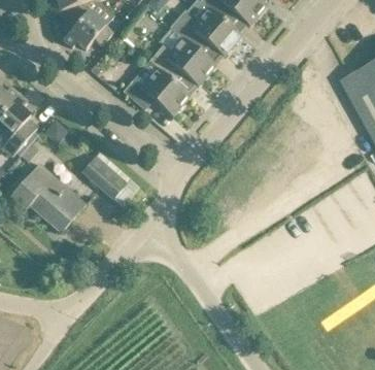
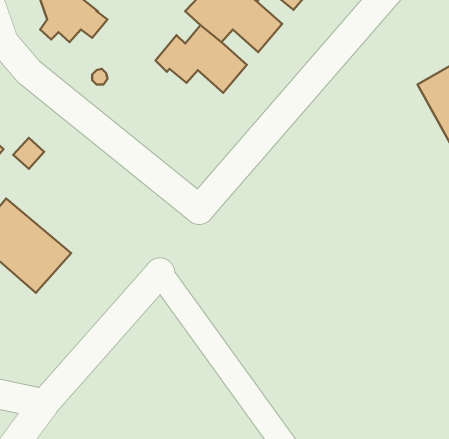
building: [123,67,190,114] -> none
building: [82,155,127,197] -> none

